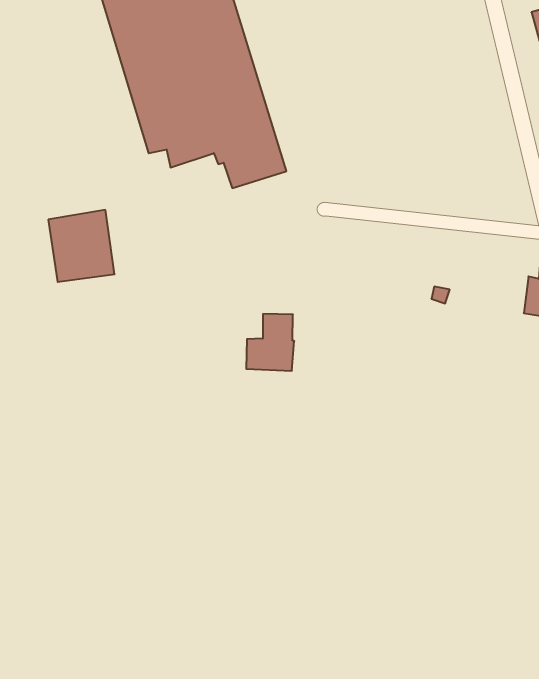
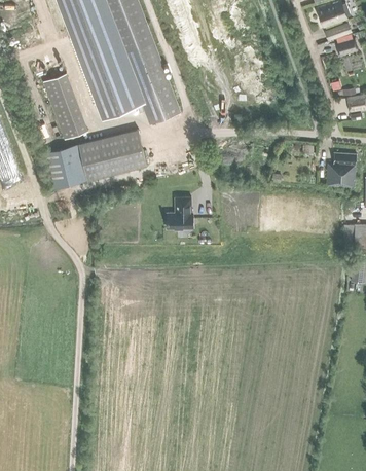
building: none -> [42,72,85,139]
building: none -> [79,130,148,180]

